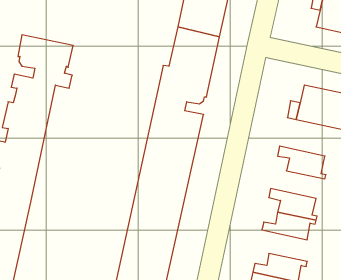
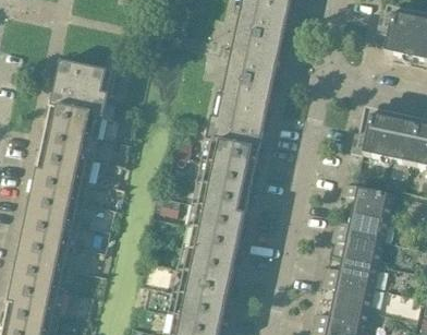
building: none -> [334,207,394,238]
building: none -> [322,273,376,308]

